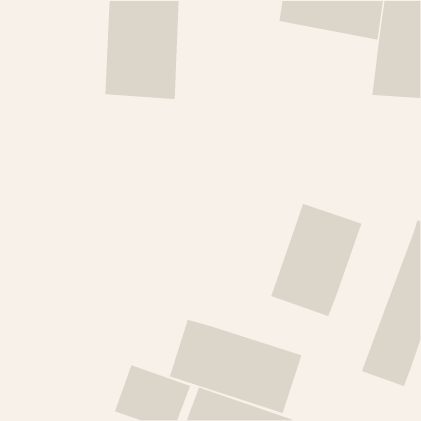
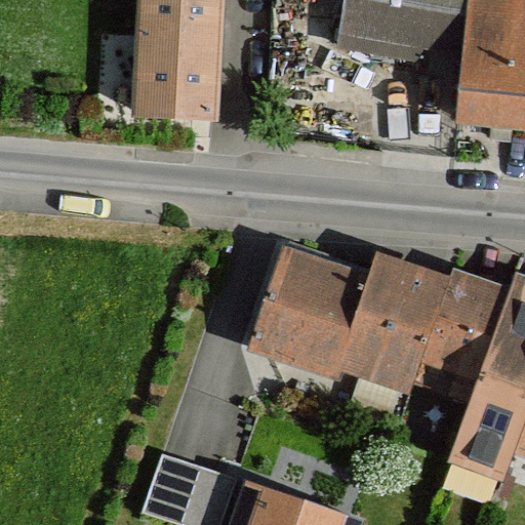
building: none -> [246,245,370,380]
building: none -> [419,270,514,388]
building: [169,319,302,414] -> none

